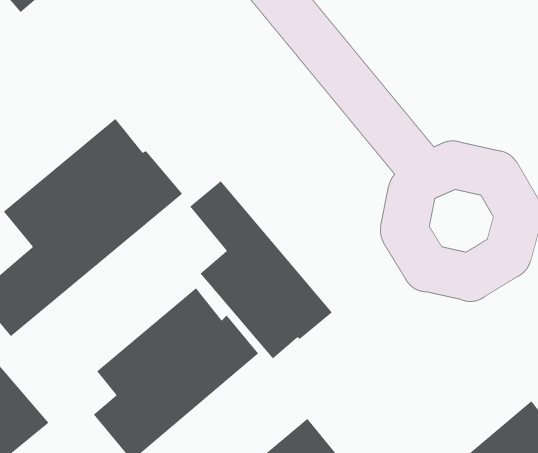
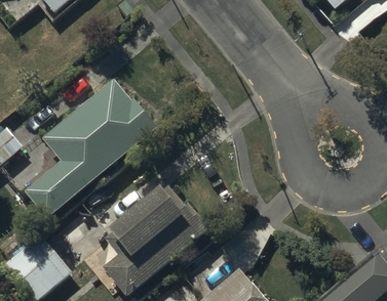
building: [189,180,333,360] -> none

